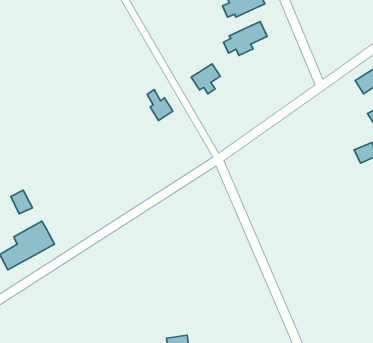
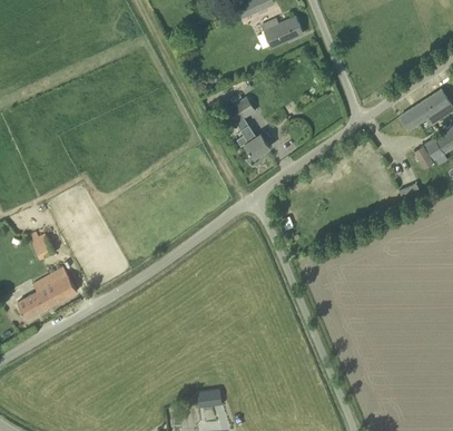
building: [223,21,267,55] -> none
building: [147,89,173,120] -> [242,125,269,158]

